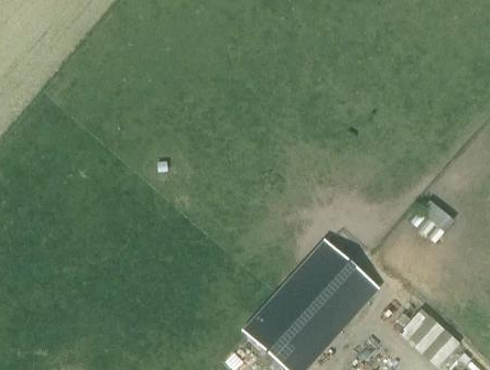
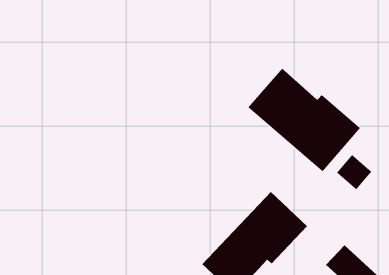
building: none -> [248,68,361,172]

